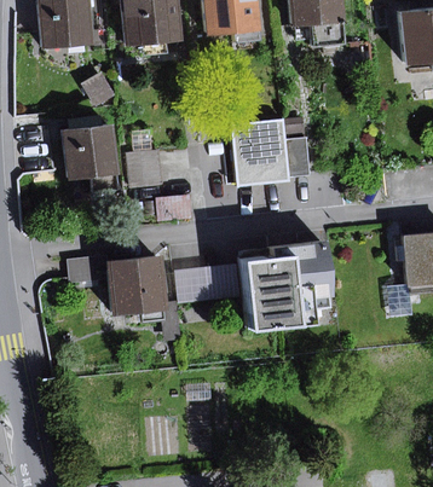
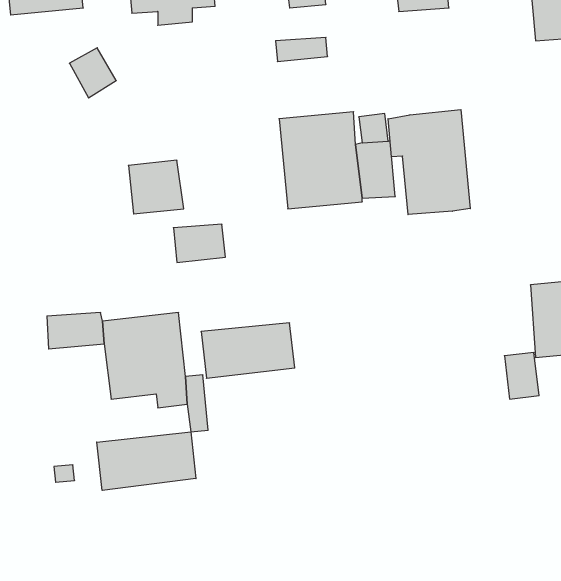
building: none -> [388,110,470,215]
building: [62,126,119,179] -> none
building: [237,238,325,331] -> none
building: none -> [97,432,196,490]

